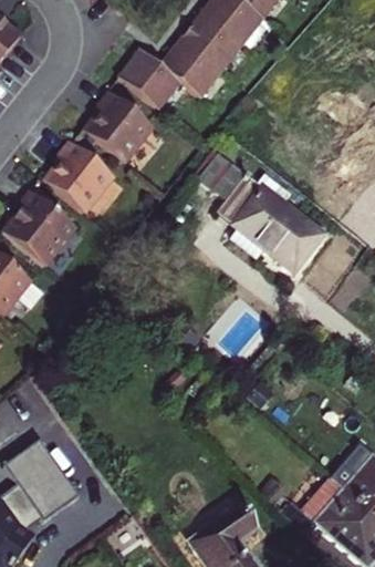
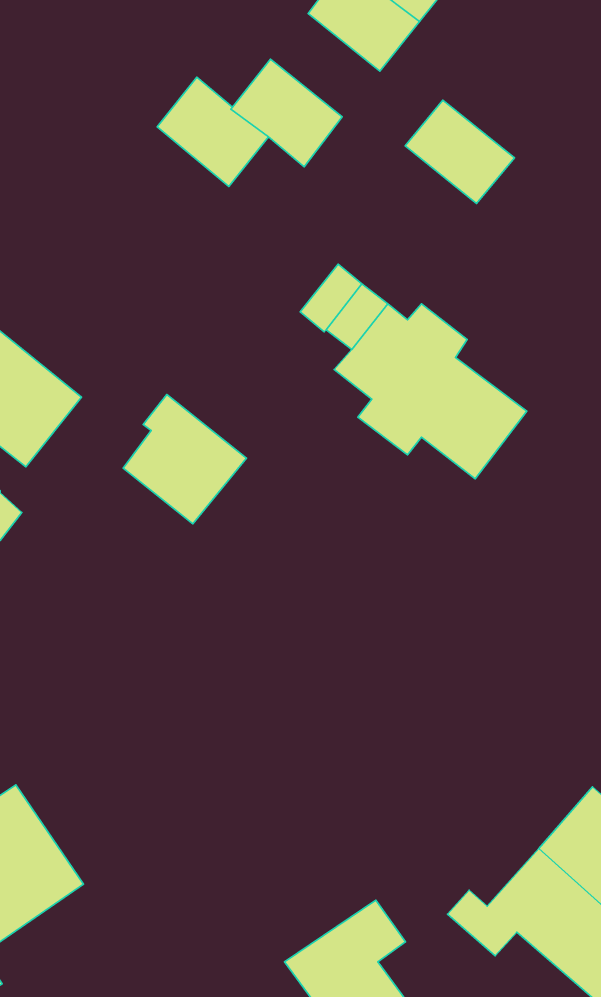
building: [181,12,242,70] -> [405,100,514,203]
building: [84,90,154,162] -> none
building: [45,140,114,212] -> [123,395,246,524]

